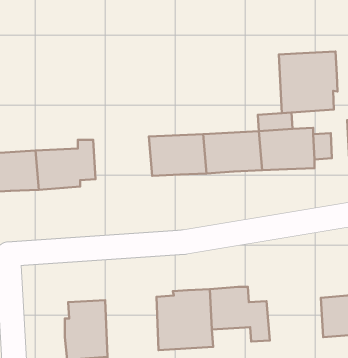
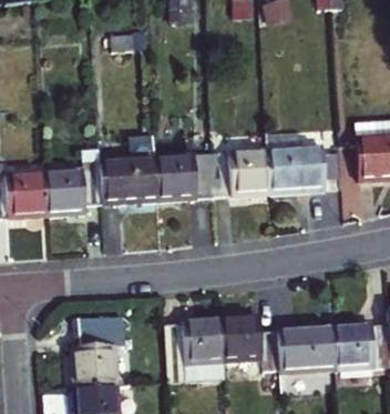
building: [279,51,337,113] -> none
building: none -> [102,159,162,202]
building: none -> [278,323,336,366]

